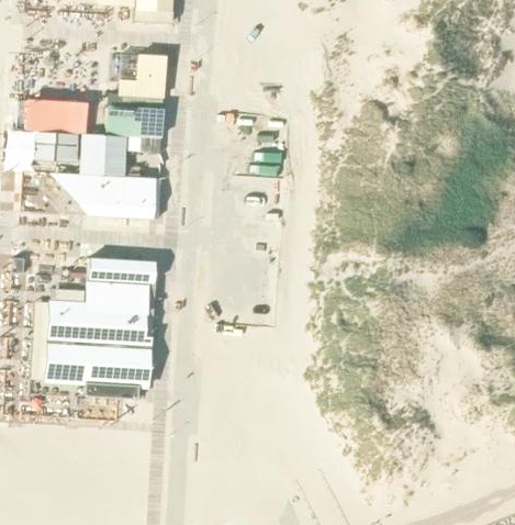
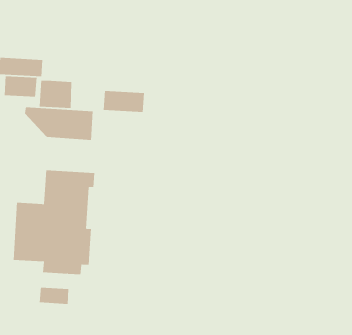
building: [121,52,167,96] -> none
building: [107,105,164,135] -> [103,90,145,112]
building: none -> [39,287,69,305]

